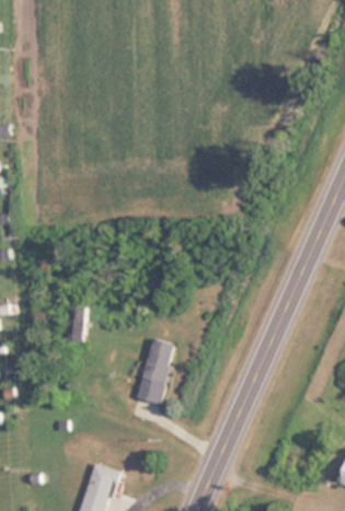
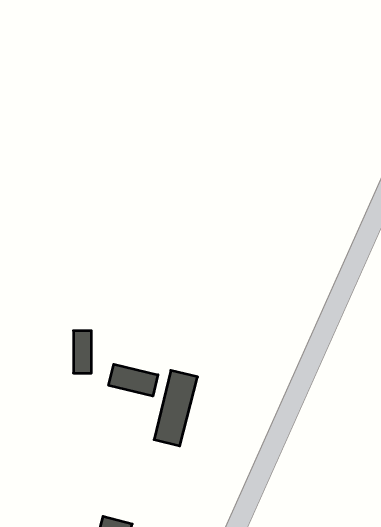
building: none -> [109,364,158,396]

